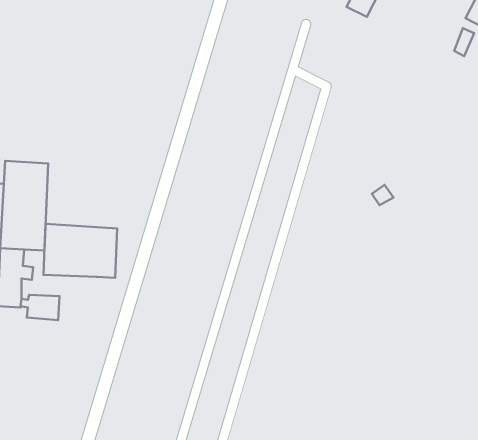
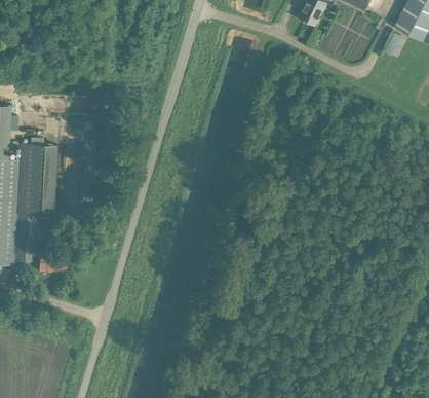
building: [43,224,117,278] -> none

